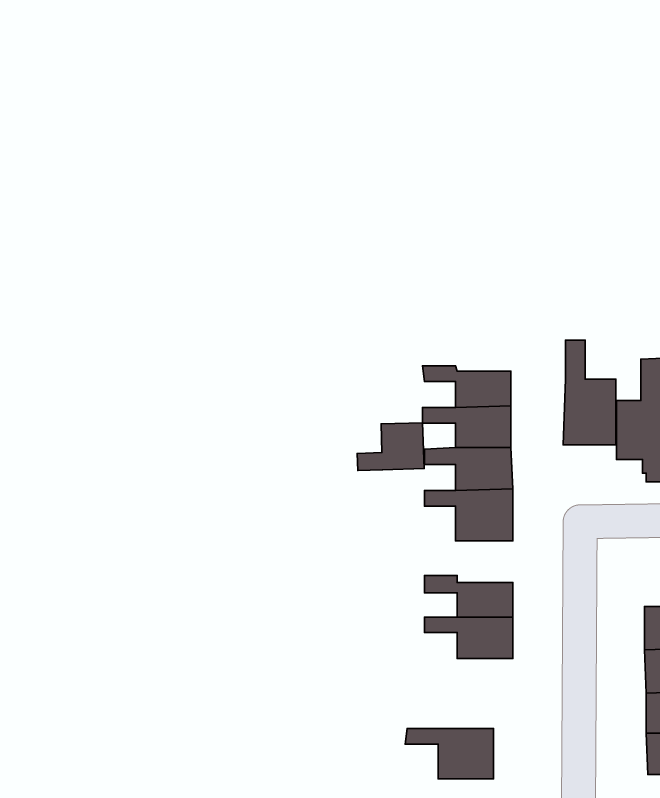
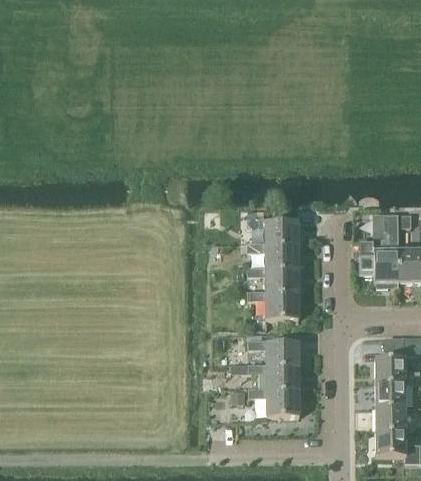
building: [563,340,616,445] -> none
building: [357,423,424,471] -> none
building: [405,729,494,779] -> [248,387,299,416]

